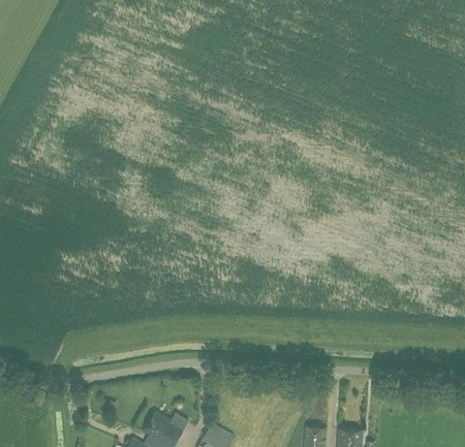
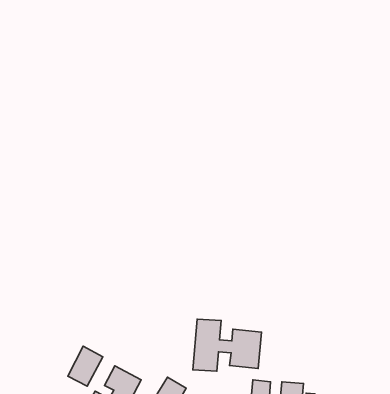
building: none -> [193,319,262,371]
building: none -> [68,346,103,386]

